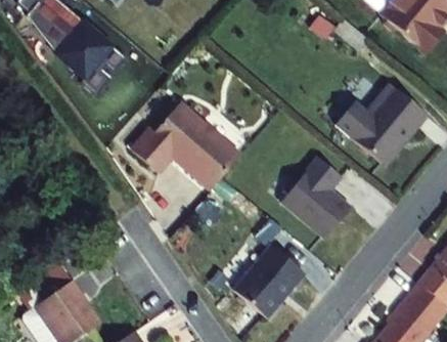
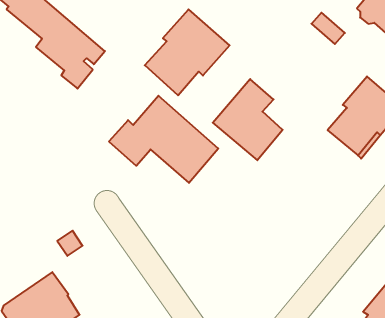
building: none -> [145,9,230,95]
building: [280,156,351,238] -> [213,79,283,160]
building: [233,245,306,318] -> none

